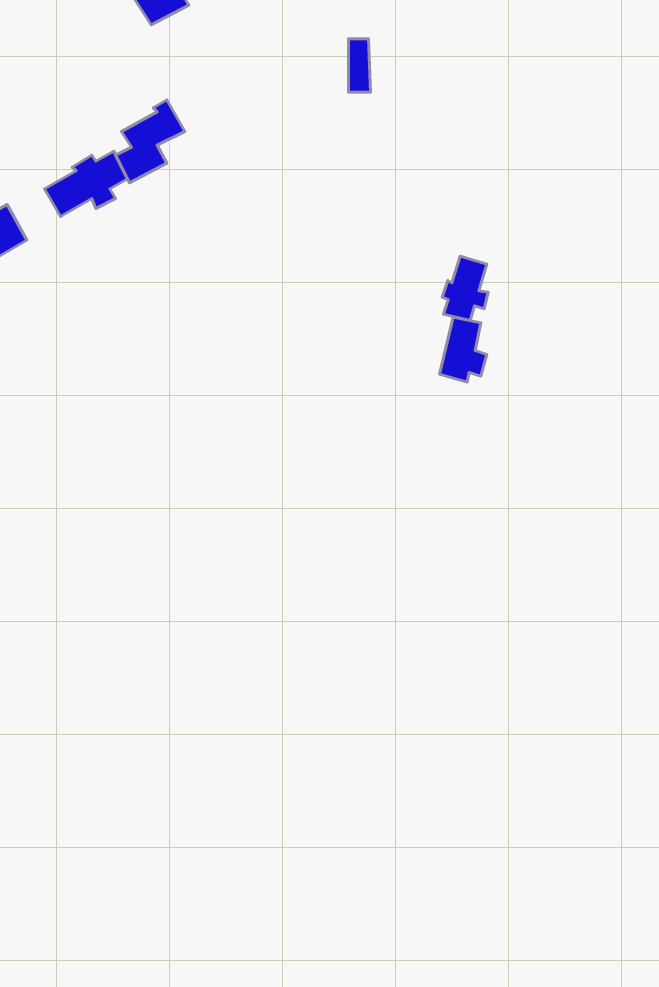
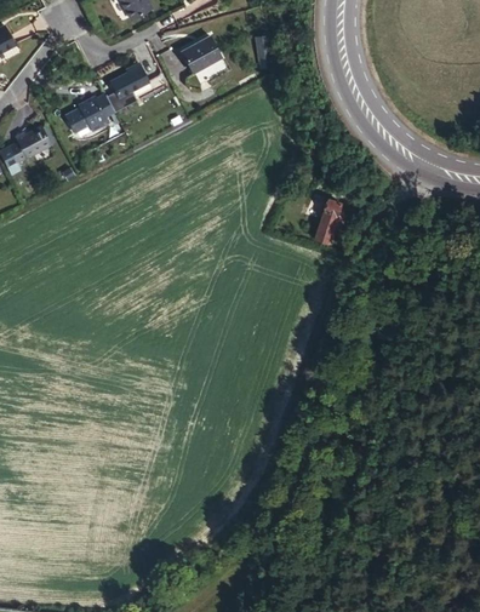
building: none -> [185,34,225,72]
building: [442,256,488,321] -> none

